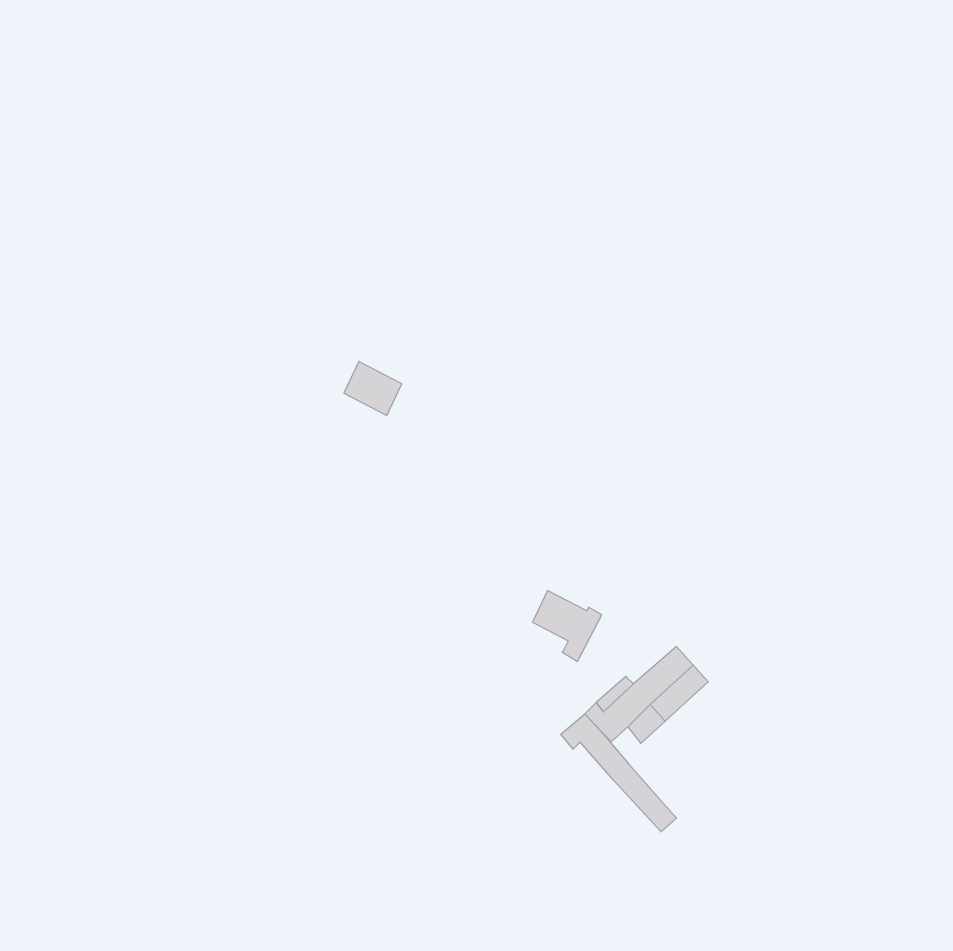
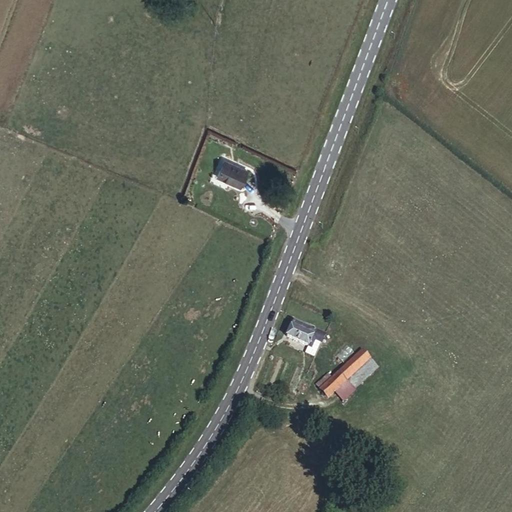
building: [344,361,402,416] -> [216,154,247,183]
building: [561,714,677,832] -> none

